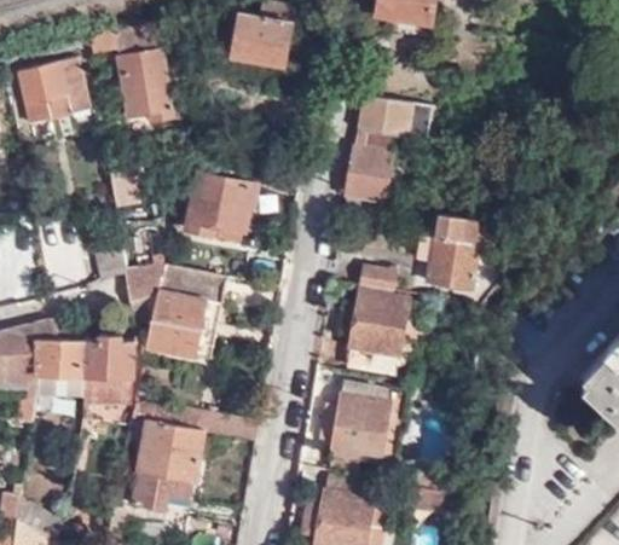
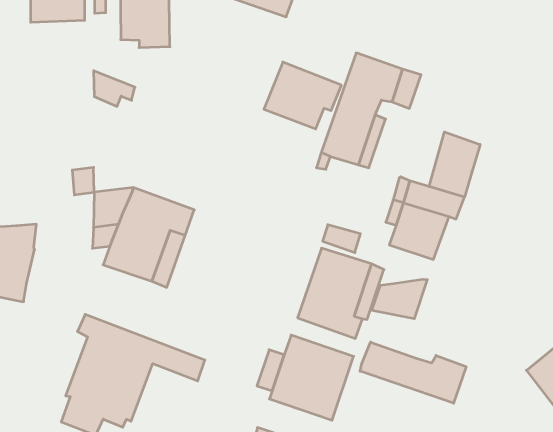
building: none -> [429,132,480,197]
building: [187,180,260,240] -> [264,62,341,129]
building: none -> [372,279,427,319]
building: [81,336,131,404] -> none
building: none -> [360,342,466,403]

